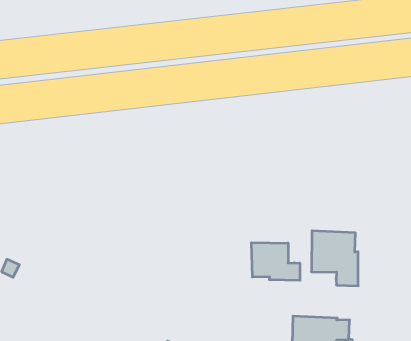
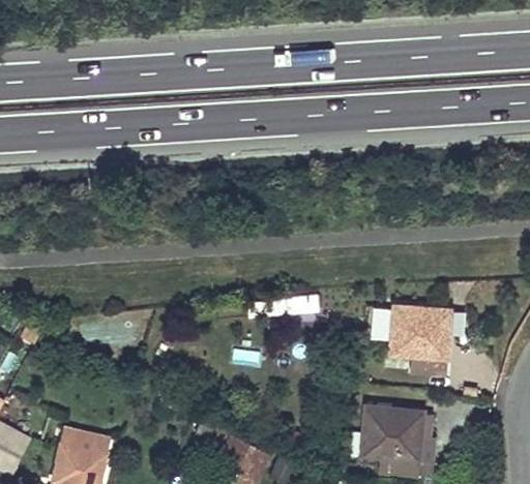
building: [251,243,300,280] -> none

